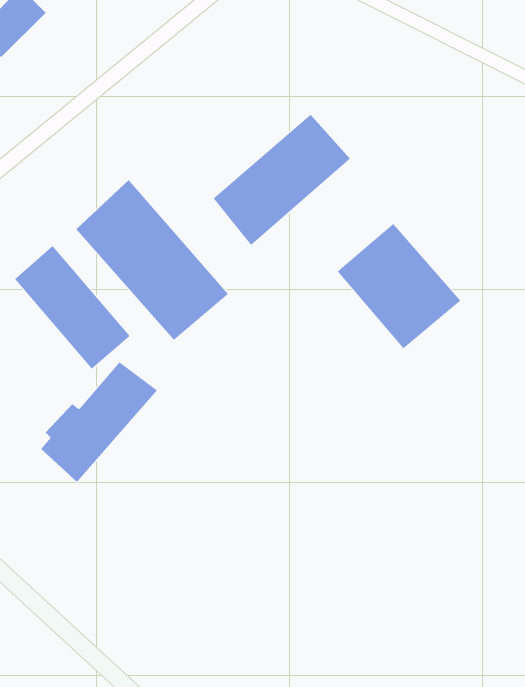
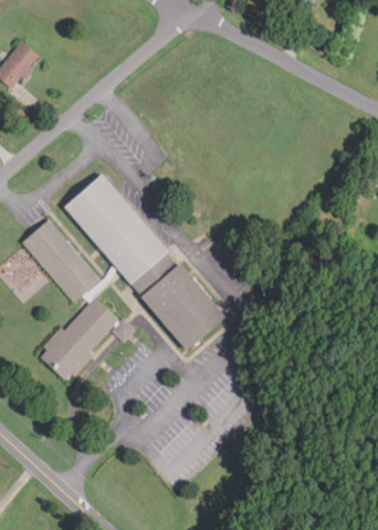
building: [213,114,351,246] -> none
building: [337,223,461,349] -> [139,262,224,349]

